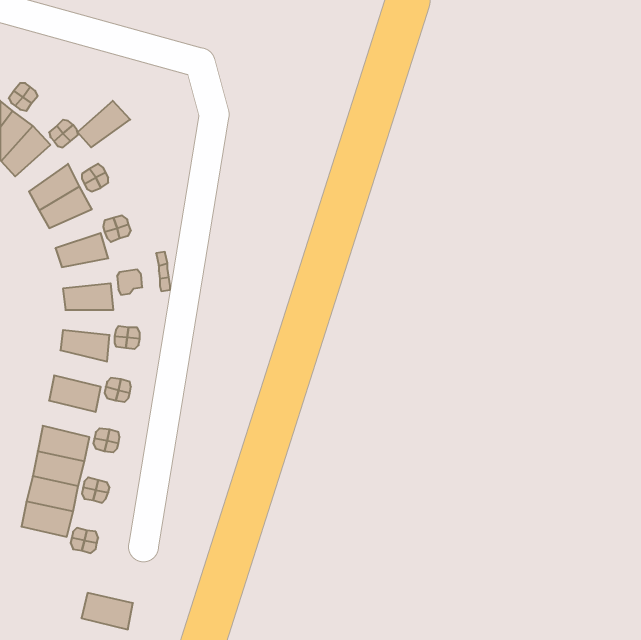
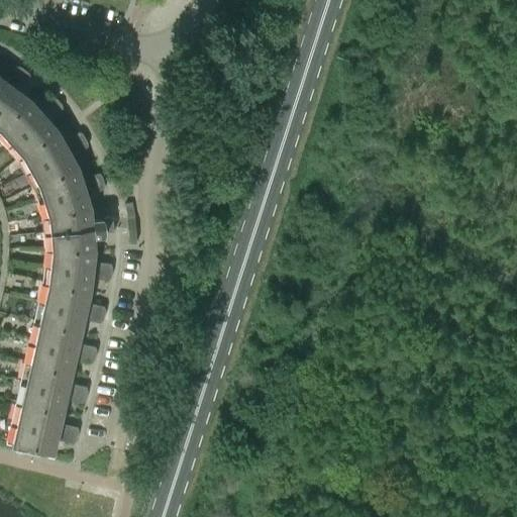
building: [77,101,130,147] -> [14,119,57,157]
building: none -> [41,171,83,202]
building: none -> [51,210,91,234]
building: none -> [53,251,93,272]
building: none -> [45,284,88,313]
building: none -> [36,324,79,353]
building: [81,593,133,629] -> [14,425,56,454]

